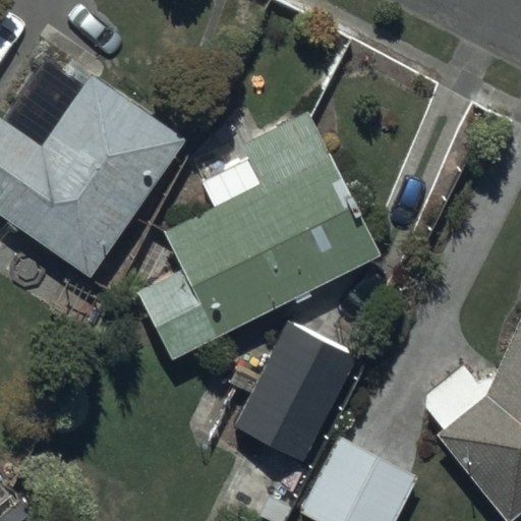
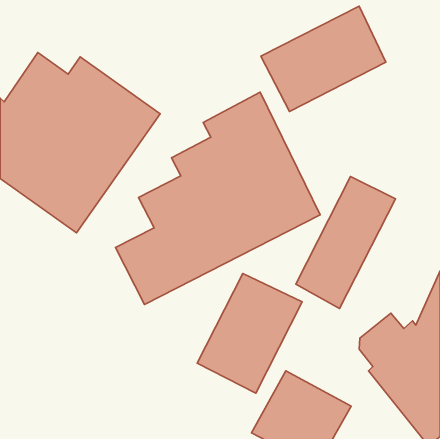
building: none -> [261,6,386,111]
building: none -> [296,176,395,309]

